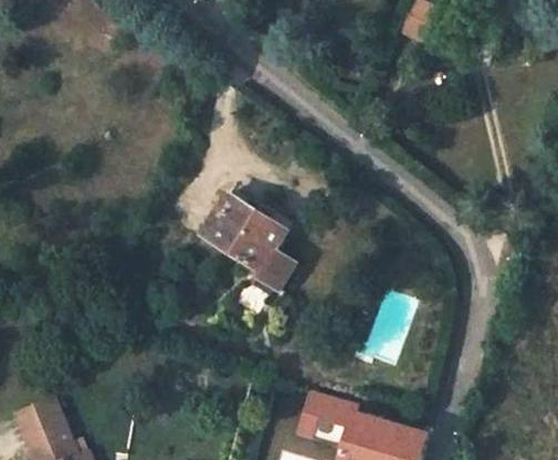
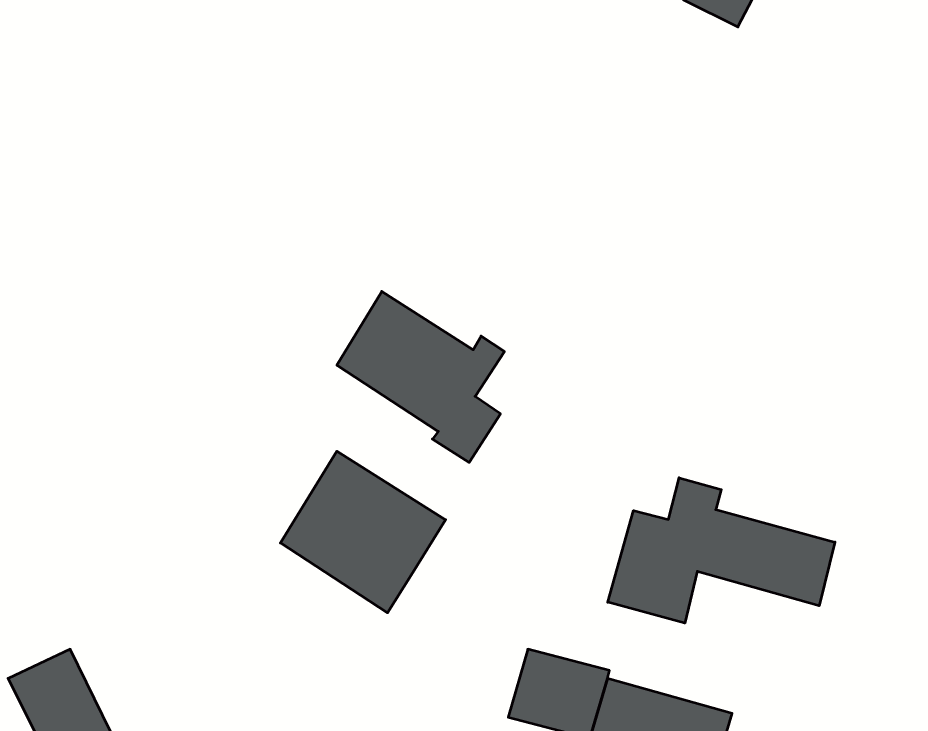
building: none -> [280,451,446,613]
building: none -> [608,478,835,623]

